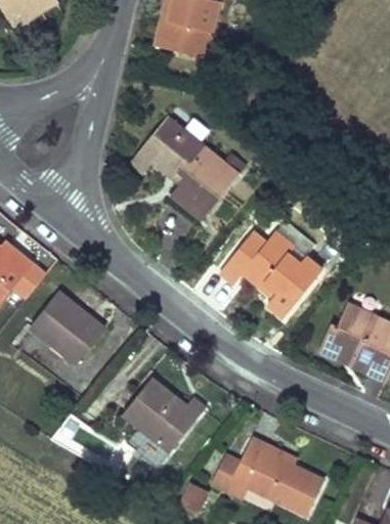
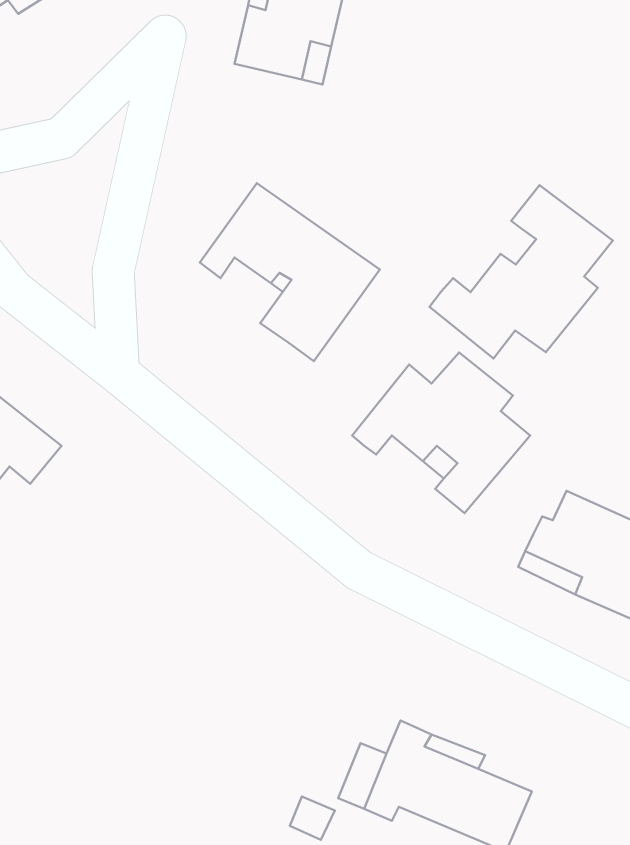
building: none -> [430,185,613,358]
building: [31,291,106,363] -> none
building: [120,376,205,453] -> none

